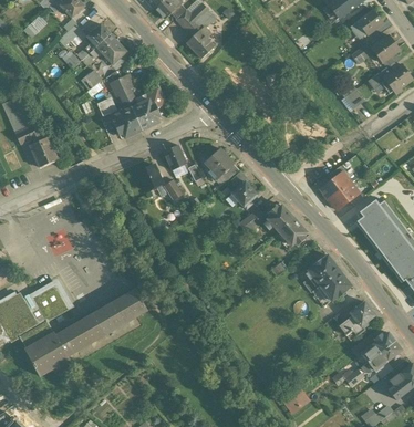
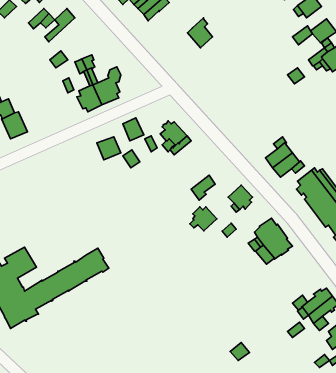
building: [186,25,214,59] -> [188,18,213,48]
building: [82,33,127,65] -> none
building: [230,171,256,206] -> none
building: [265,205,294,231] -> [190,207,217,231]
building: [338,301,375,336] -> none

